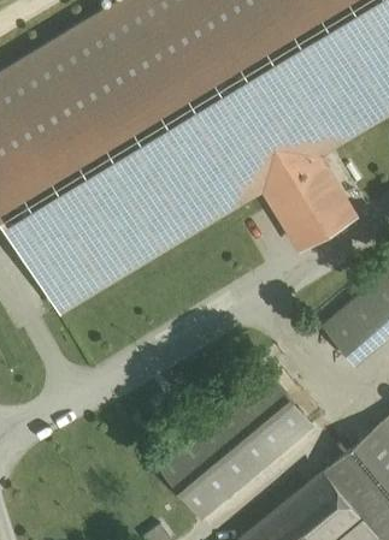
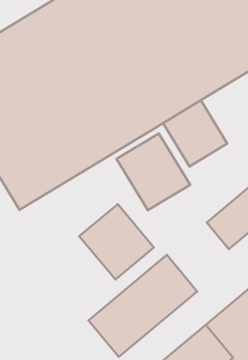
building: none -> [116,133,190,210]
building: none -> [79,204,154,280]

